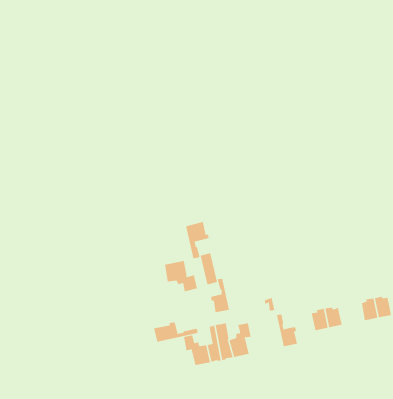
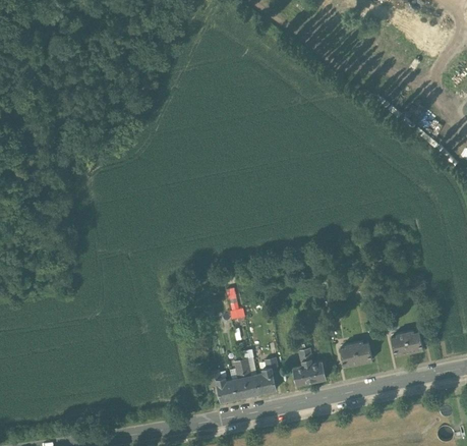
building: [185,221,209,259] -> none
building: [165,260,197,292] -> none
building: [210,278,230,313] -> [290,350,310,386]
building: [153,322,198,343] -> none

